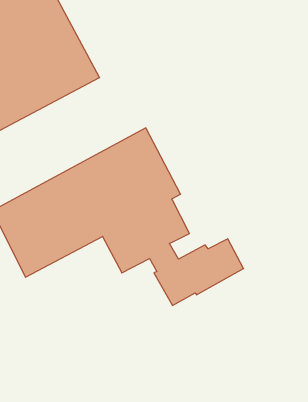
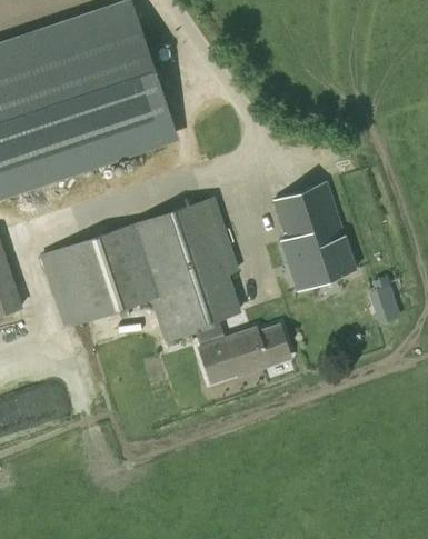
building: none -> [272,182,365,291]

